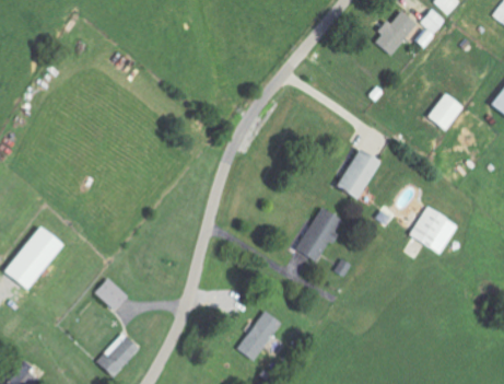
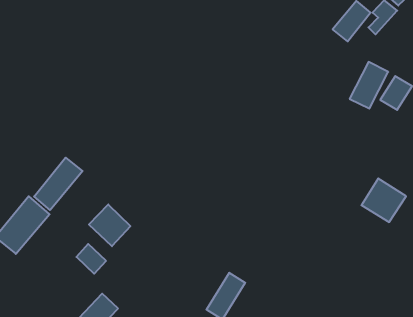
building: [338,148,380,199] -> [350,62,388,109]
building: none -> [34,158,83,210]
building: [295,206,342,261] -> none
building: none -> [89,204,130,246]

